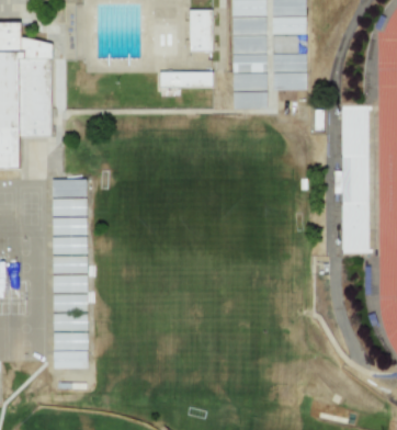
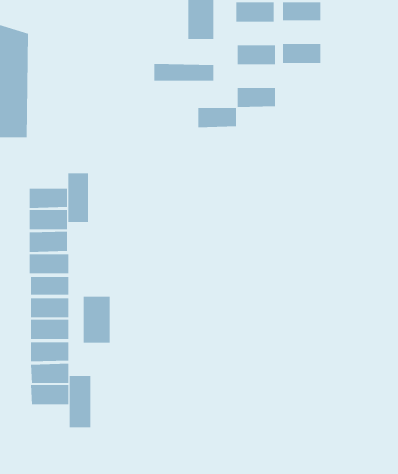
building: [272,35,306,53] -> none
building: [232,36,265,54] -> none
building: [273,72,306,90] -> none
building: [232,73,266,91] -> [198,108,237,128]
building: none -> [68,173,89,223]
building: none -> [83,296,110,344]
building: none -> [69,375,91,428]

